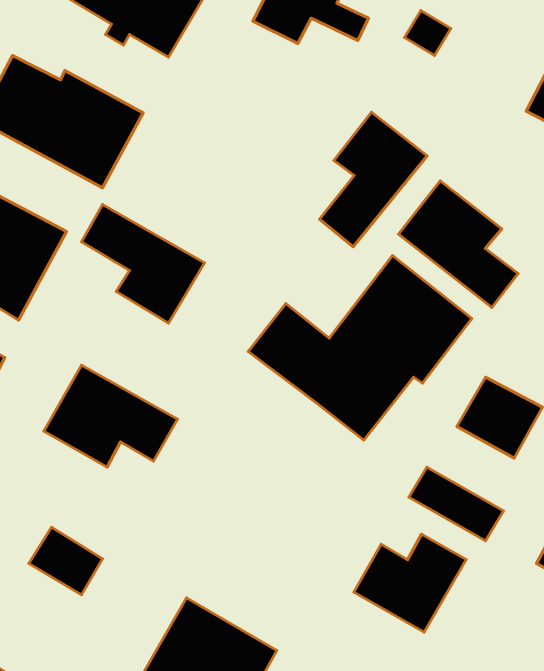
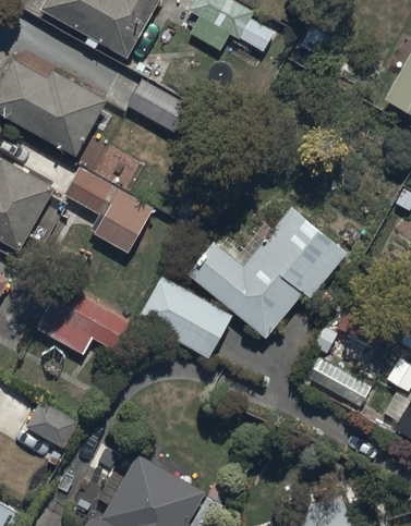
building: none -> [126,78,191,134]
building: [320,112,427,247] -> none
building: [399,181,518,307] -> none
building: none -> [137,274,234,358]
building: [354,534,466,632] -> none

